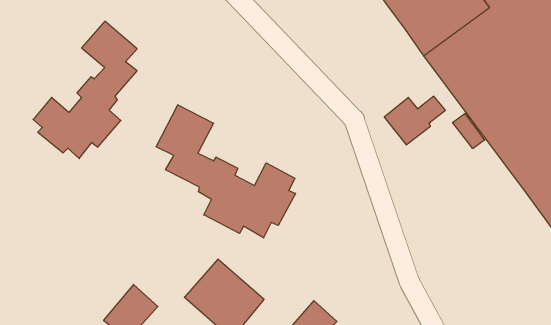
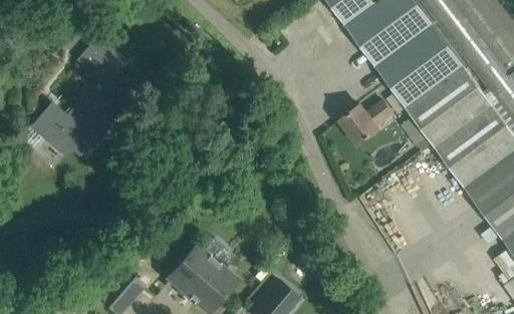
building: [156,105,296,238] -> none

